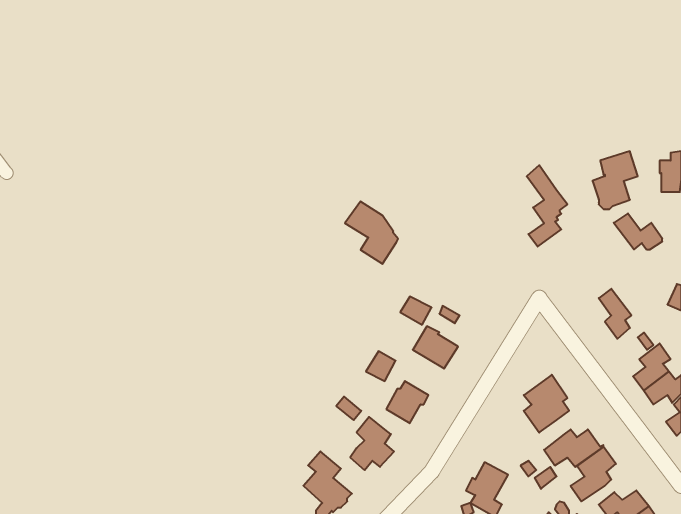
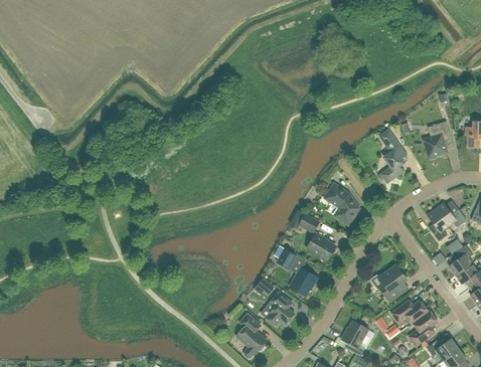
building: [345,201,398,264] -> [324,184,358,224]
building: [614,213,662,249] -> [435,203,466,226]

